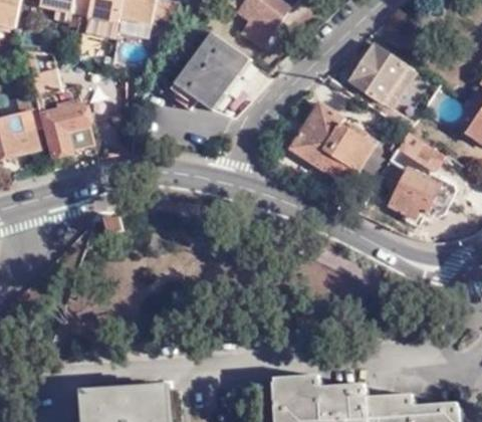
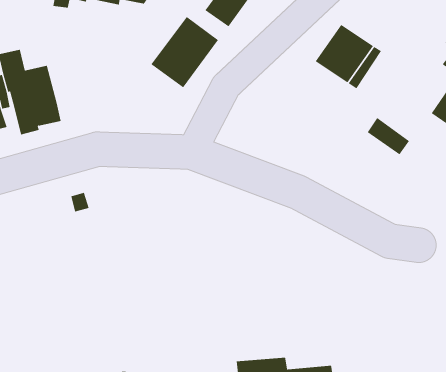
building: [290,103,375,184] -> none
building: [389,168,441,219] -> none

